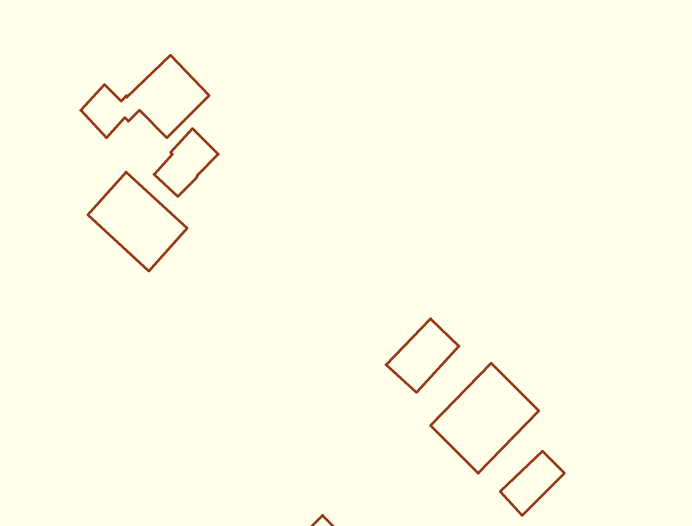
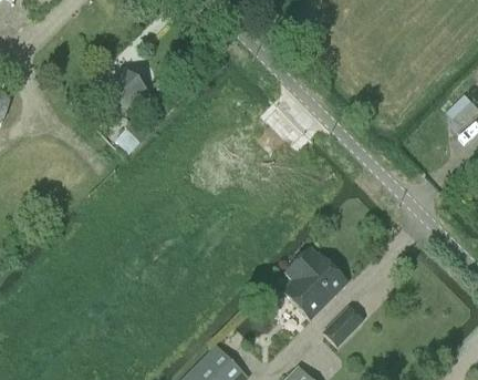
building: [88,172,187,271] -> none
building: [386,319,459,392] -> none

